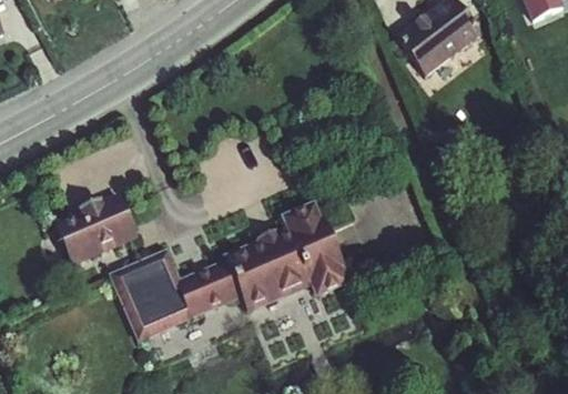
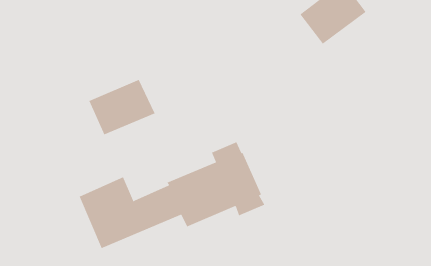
building: [52,191,139,263] -> [89,79,155,135]

